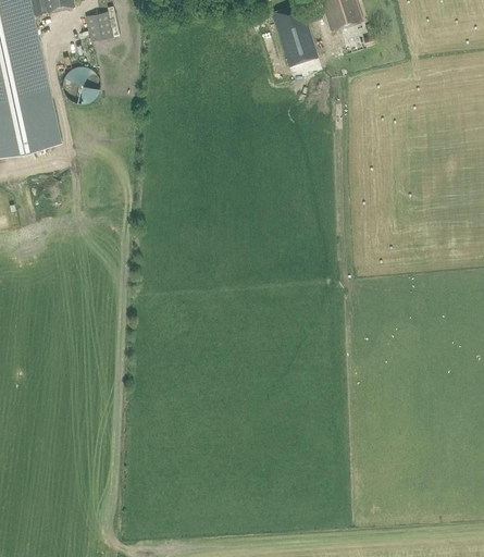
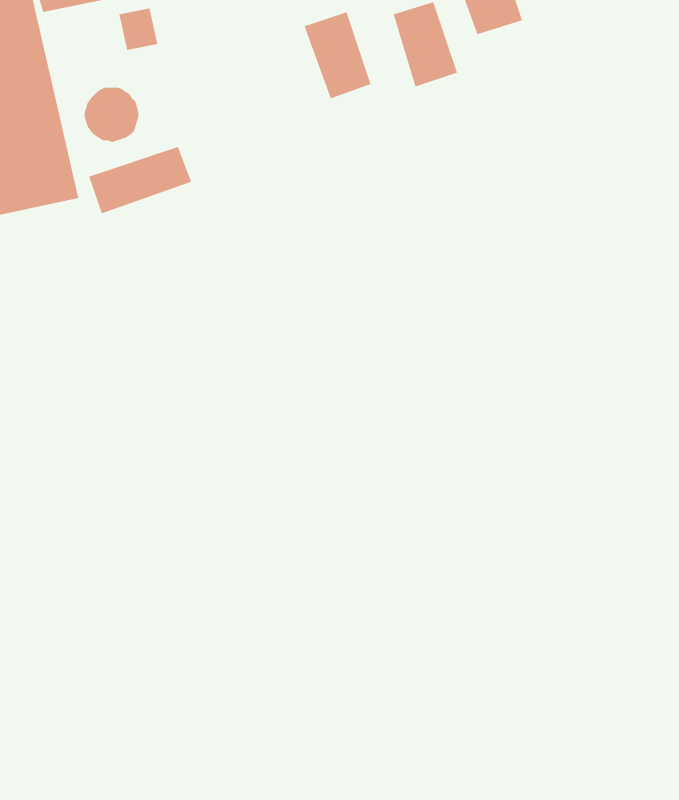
building: none -> [304,12,371,99]
building: none -> [89,146,192,214]

